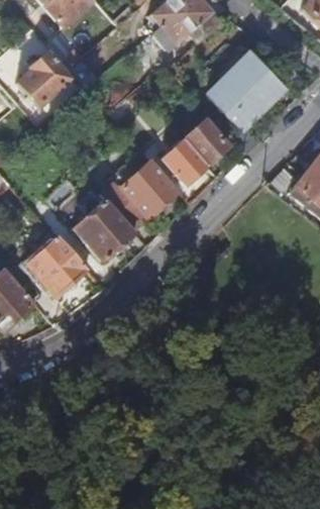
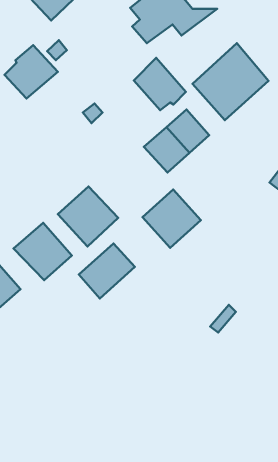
building: none -> [134,58,186,110]
building: [120,158,180,217] -> [143,189,201,248]
building: none -> [79,244,135,299]

